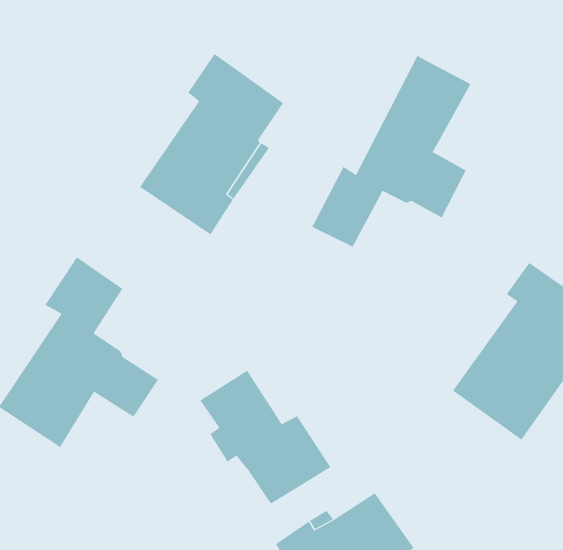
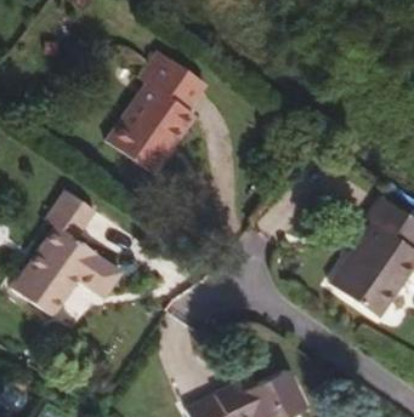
building: [311,55,471,247] -> none
building: [200,370,331,505] -> none

